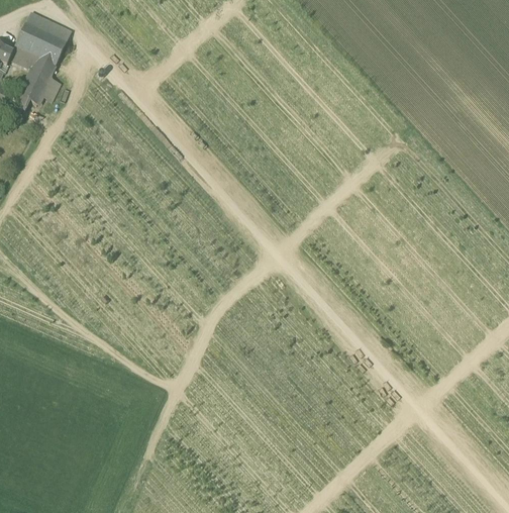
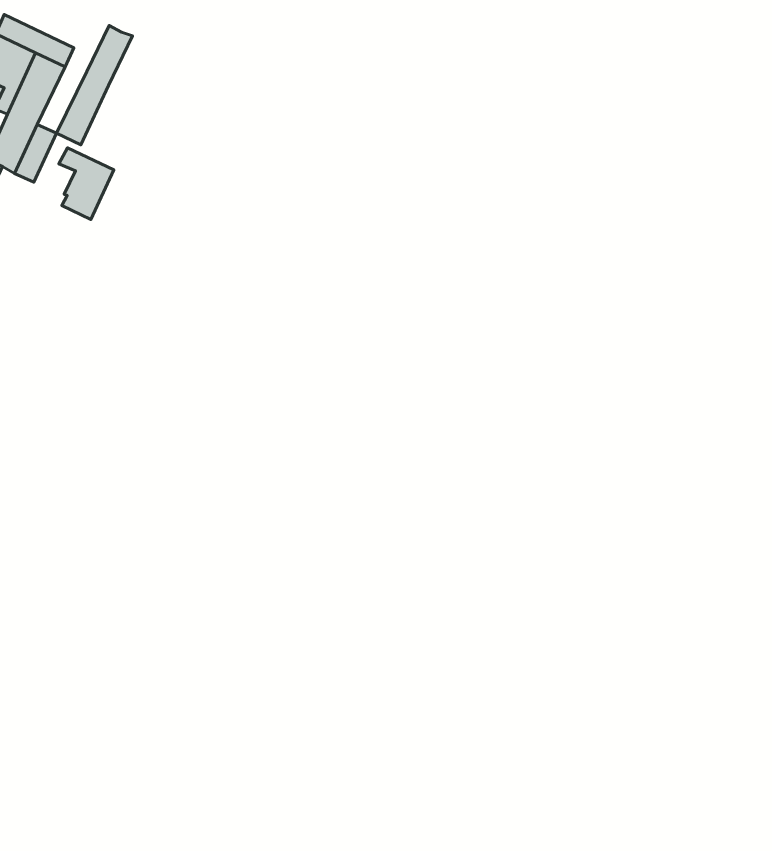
building: none -> [56,26,132,145]
building: none -> [59,148,114,220]

